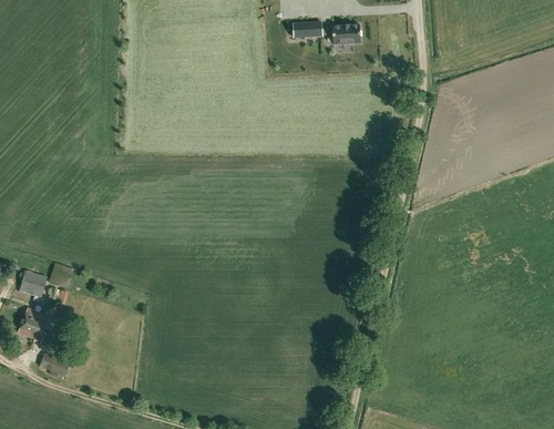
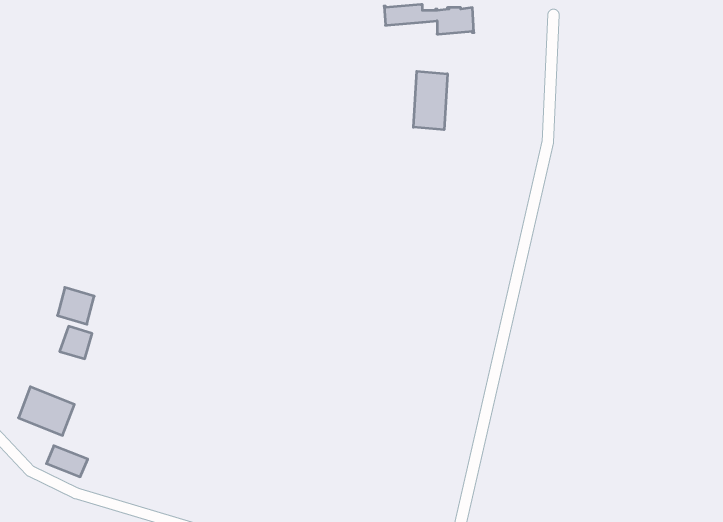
building: none -> [413,71,447,130]
building: [19,269,47,297] -> [57,287,94,324]

